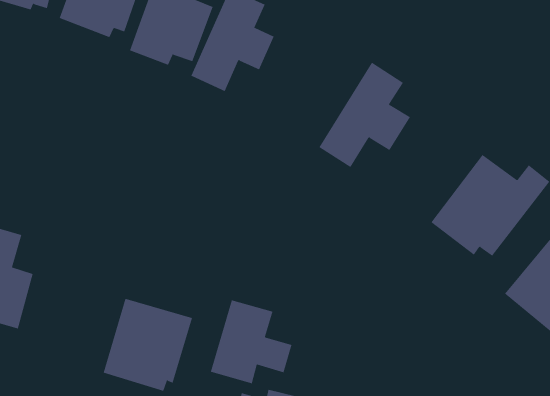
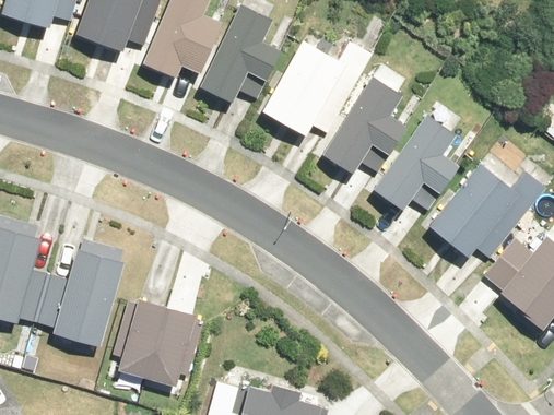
building: none -> [263,40,368,134]
building: none -> [374,111,460,210]
building: none -> [55,249,126,345]
building: [210,300,292,384] -> none

